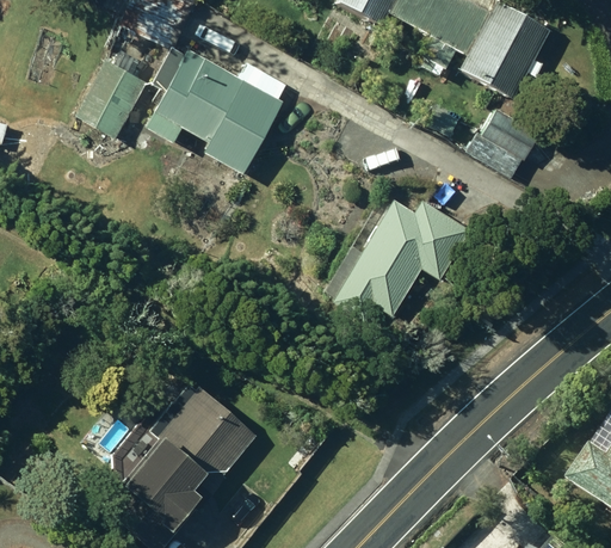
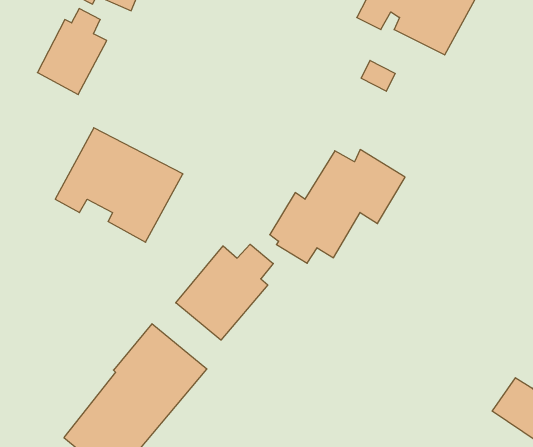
building: [144,49,283,173] -> [55,128,183,242]
building: [467,105,541,176] -> none
building: none -> [176,244,273,340]

